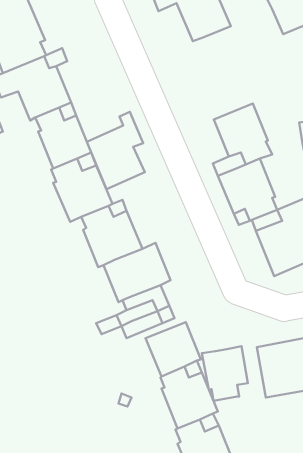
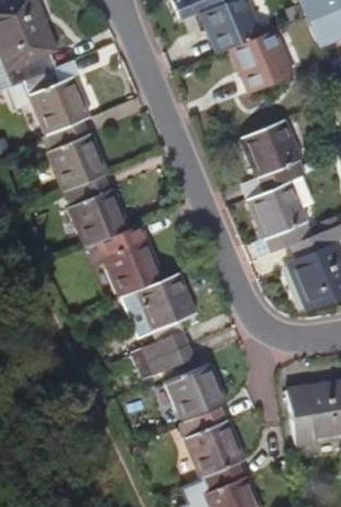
building: none -> [231,29,295,94]
building: [87,112,145,189] -> none
building: [202,346,248,401] -> none

